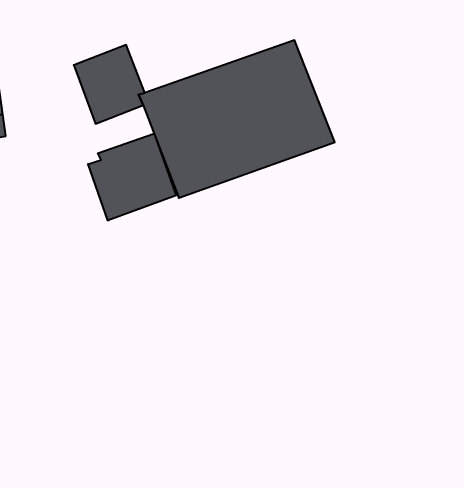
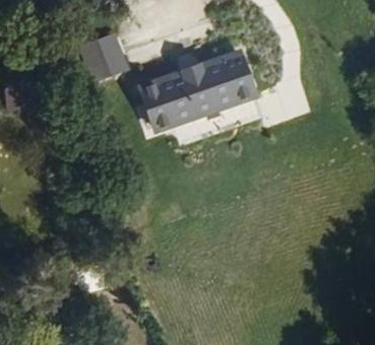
building: [88,133,176,221] -> none

